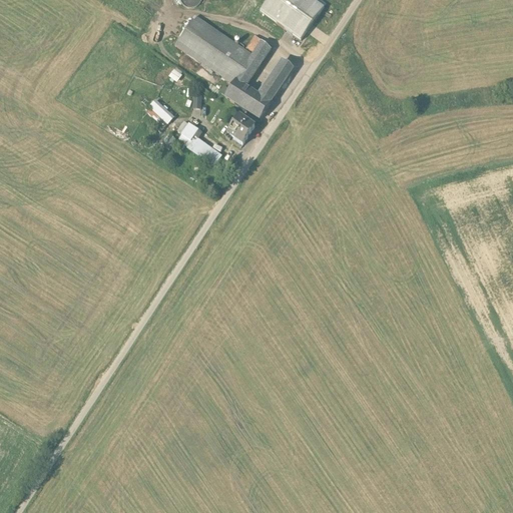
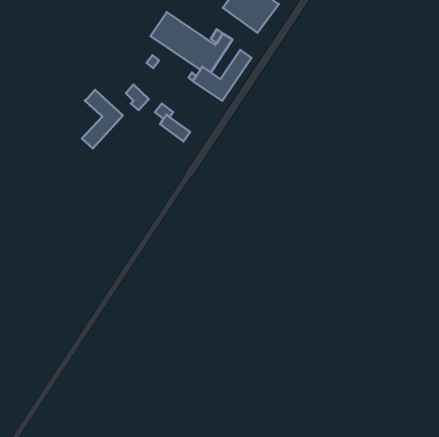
building: none -> [82,90,123,148]
building: [227,111,255,140] -> none

